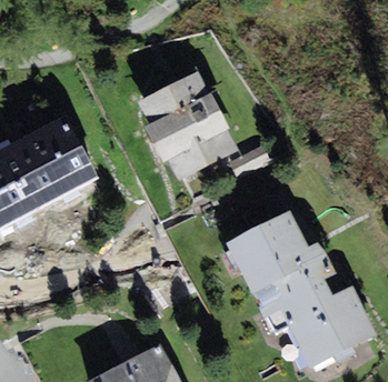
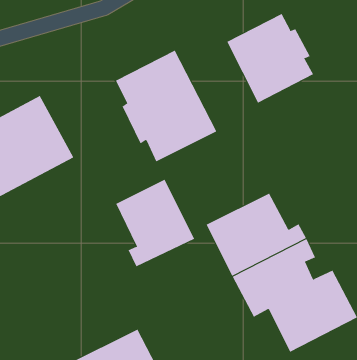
building: none -> [227,13,314,103]
building: none -> [116,179,195,267]

